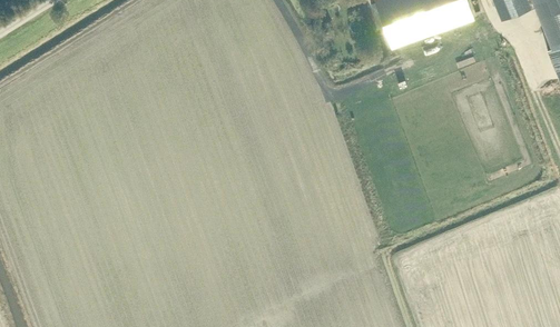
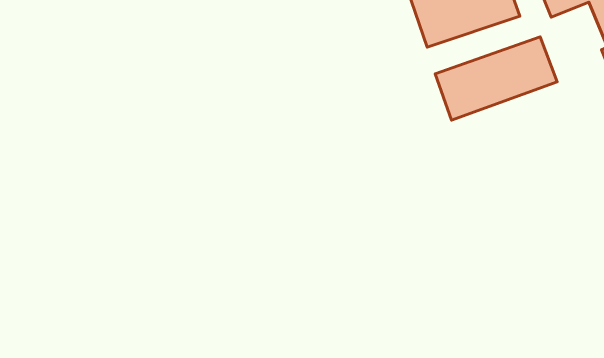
building: none -> [435,37,557,120]

